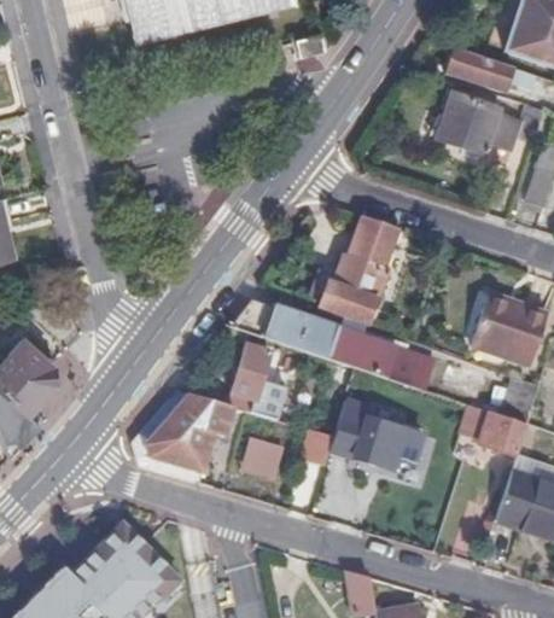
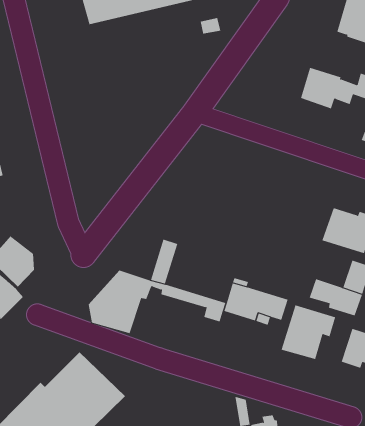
building: [445,49,513,93] -> none
building: [320,216,397,321] -> none
building: [244,298,430,389] -> none
building: [241,436,288,480] -> none
building: none -> [281,304,336,360]

